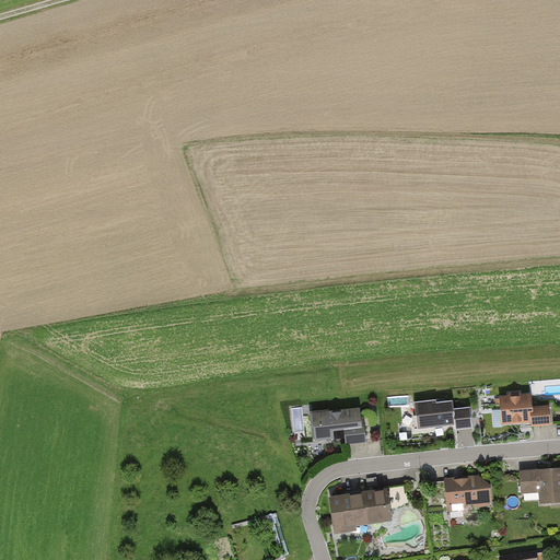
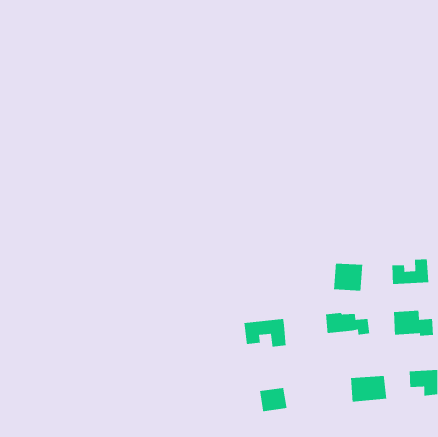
building: none -> [392,259,429,285]
building: none -> [333,263,363,291]
building: [361,488,389,520] -> none

